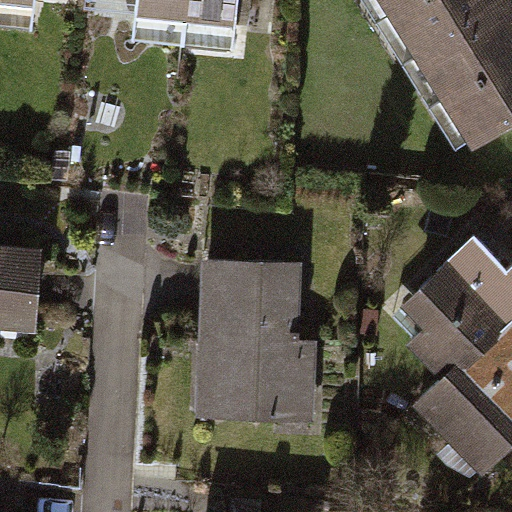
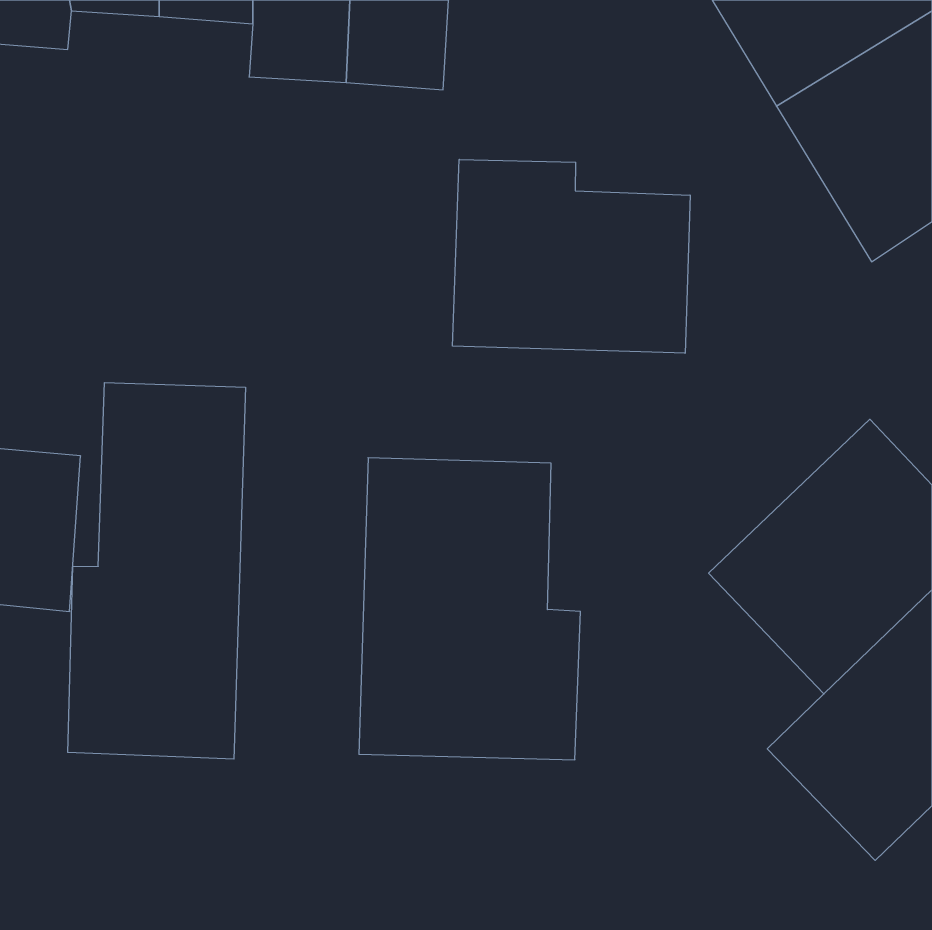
building: none -> [453,159,690,353]
building: none -> [68,383,245,759]

